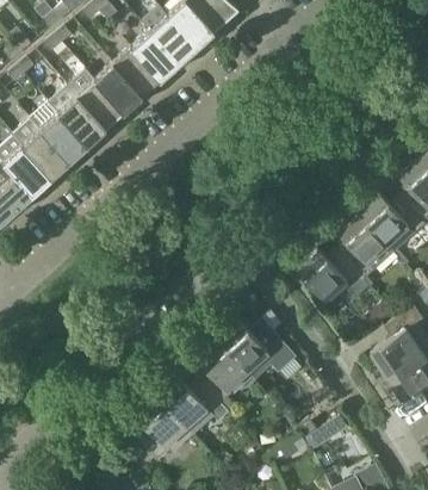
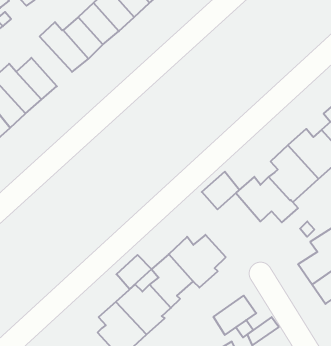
building: [48,86,105,144] -> none
building: none -> [202,172,240,209]
building: none -> [116,255,152,289]
building: none -> [214,296,256,335]

